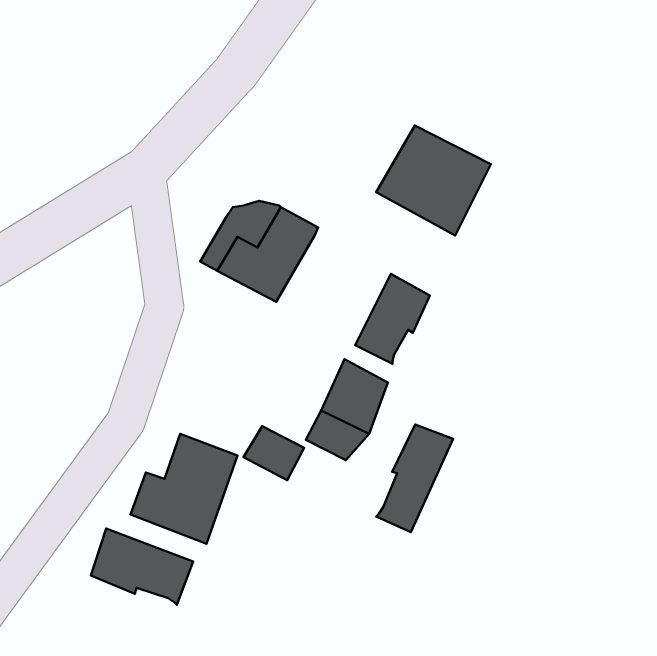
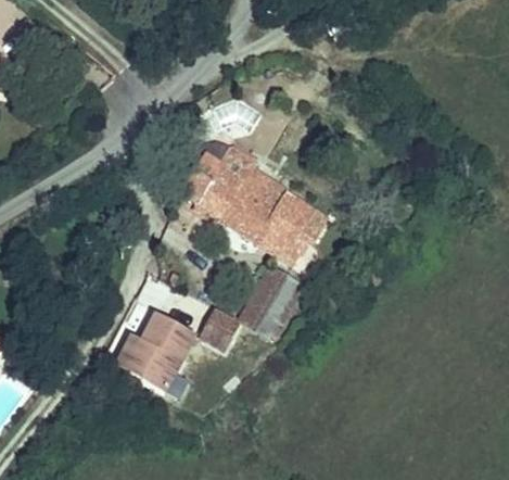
building: [376,125,491,236] -> [219,173,300,250]
building: [376,425,453,532] -> none
building: [91,528,193,605] -> none

